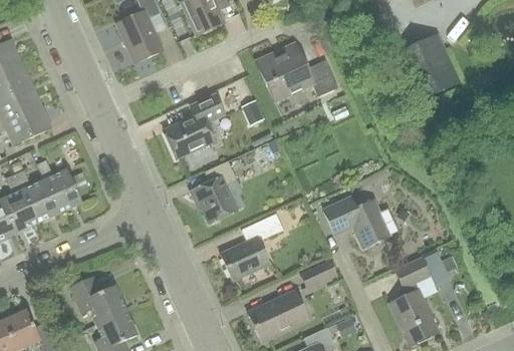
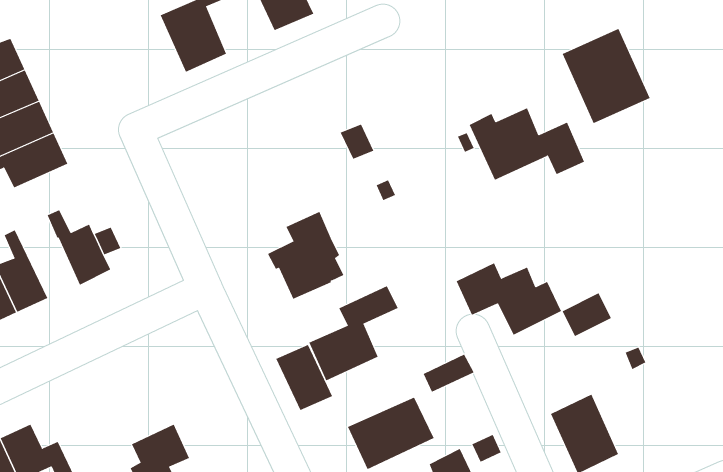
building: [256,48,337,99] -> [469,108,585,180]
building: [164,92,225,156] -> none
building: [14,168,59,221] -> none
building: none -> [275,344,333,411]
building: [395,256,430,287] -> [562,292,612,337]
building: [69,275,125,323] -> none

